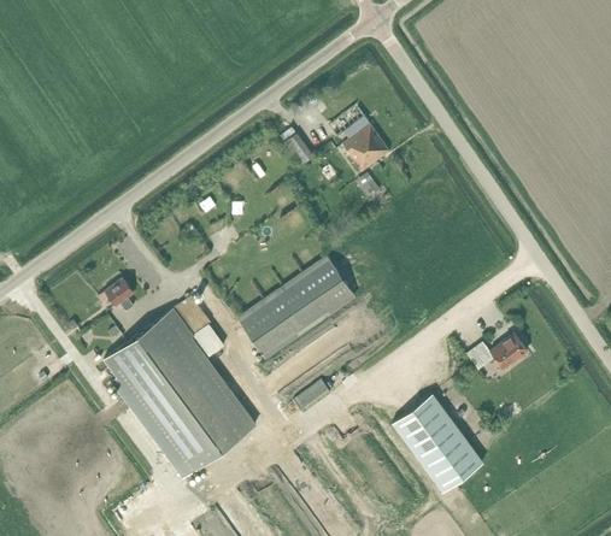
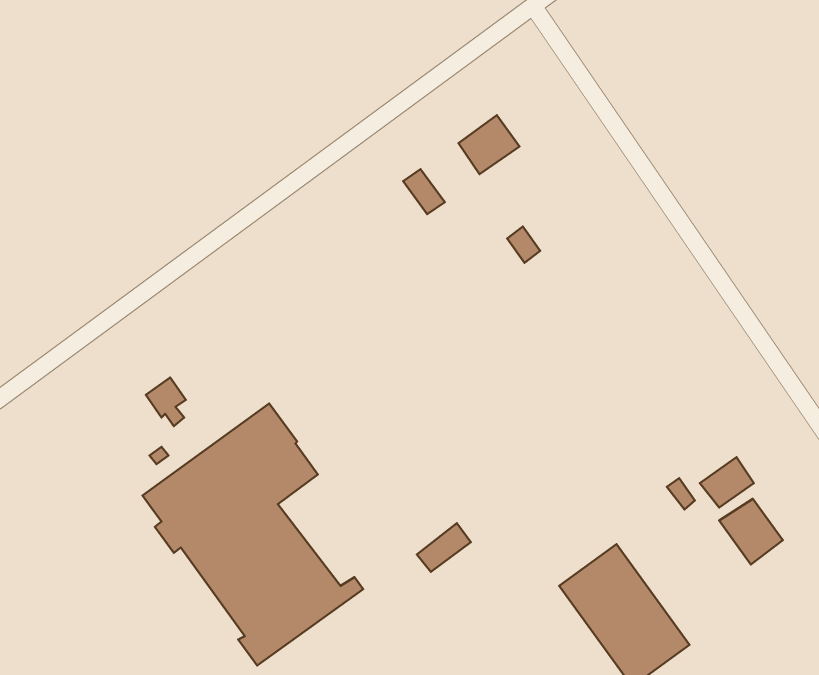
building: [342,124,389,171] -> none
building: [239,255,357,359] -> none
building: none -> [719,499,783,565]

